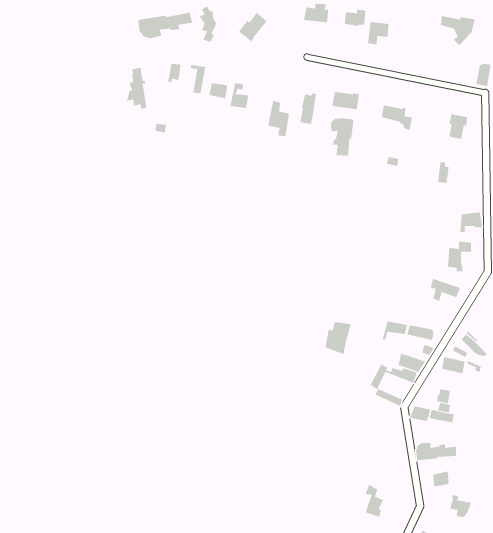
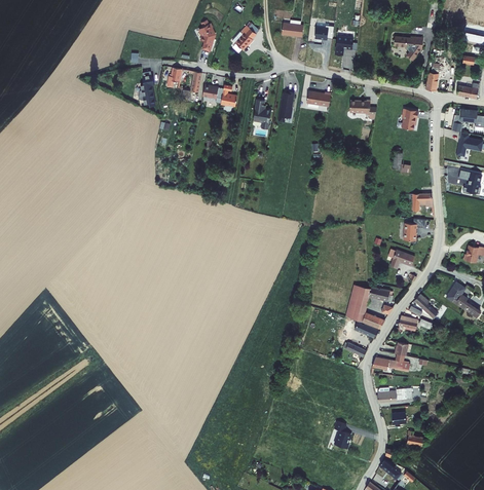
building: [138,12,193,39] -> none
building: [331,117,354,157] -> none
building: [324,322,351,355] -> [345,294,368,322]

